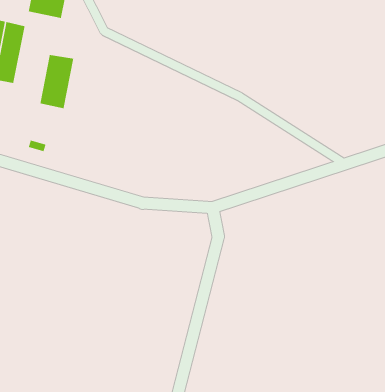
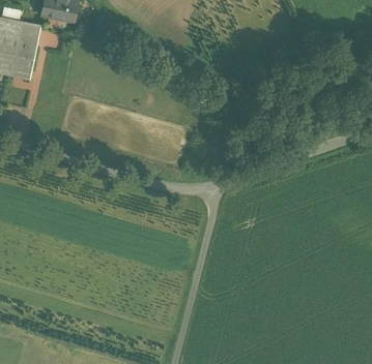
building: [40,54,74,109] -> none

